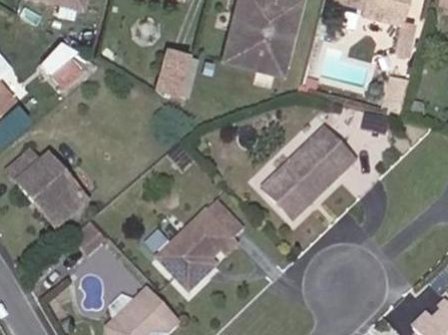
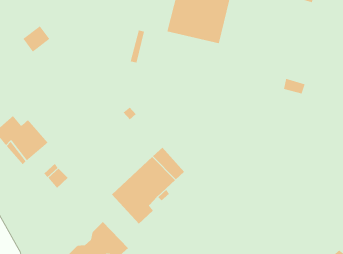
building: [159,53,189,96] -> none
building: [265,132,355,221] -> none

